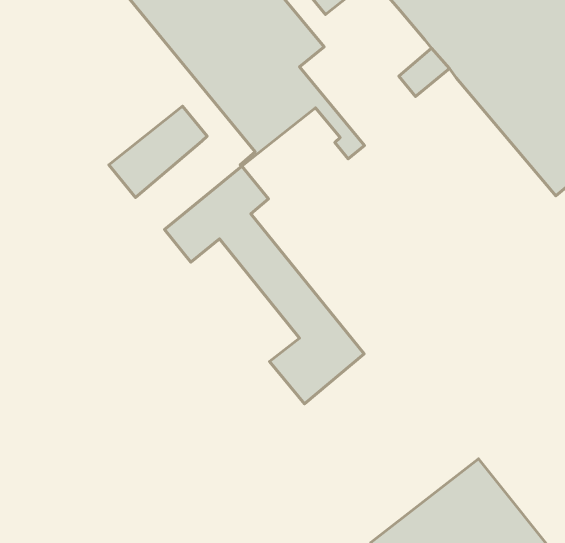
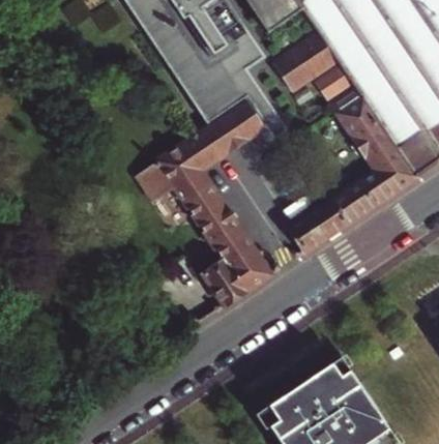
building: none -> [277,35,336,88]
building: none -> [291,87,418,251]
building: [109,106,207,197] -> [199,98,270,159]

